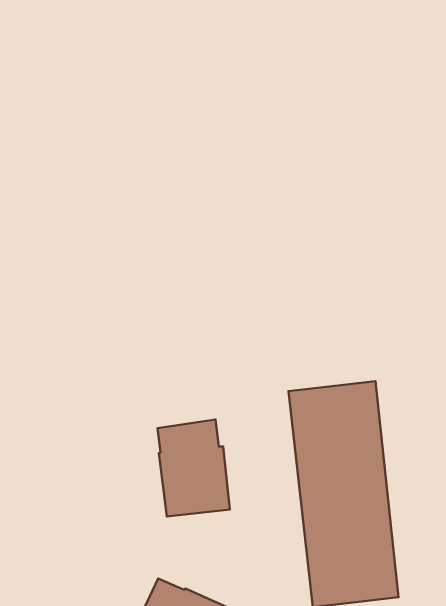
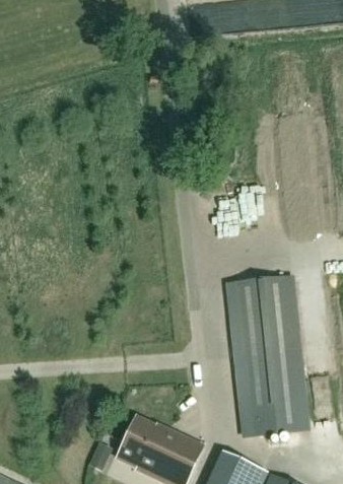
building: [157,420,230,517] -> none

